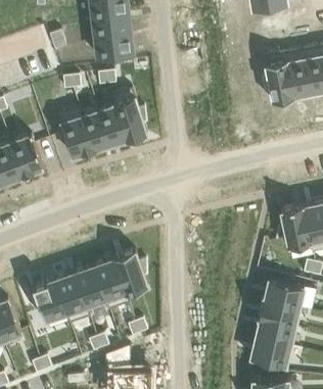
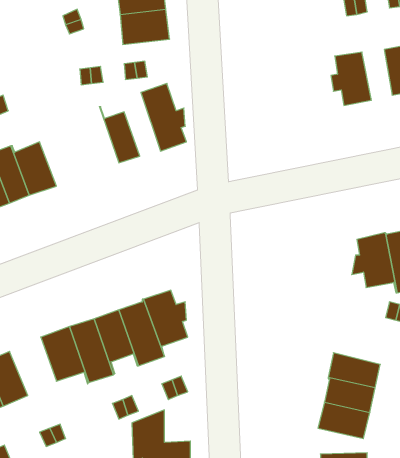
building: [285,61,309,100] -> none
building: [98,95,127,145] -> none
building: [58,106,94,157] -> none
building: [263,280,305,308] -> none

